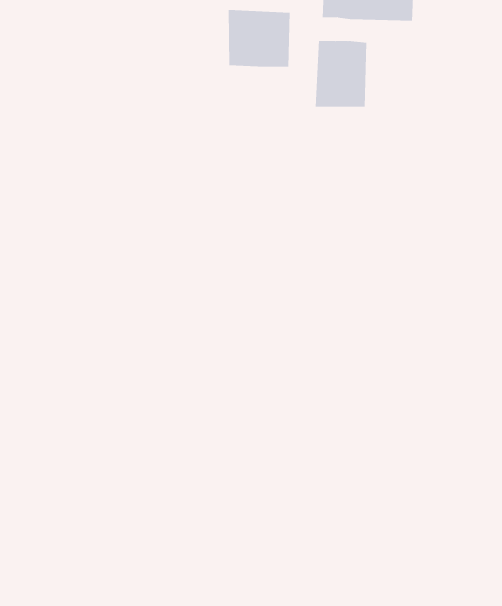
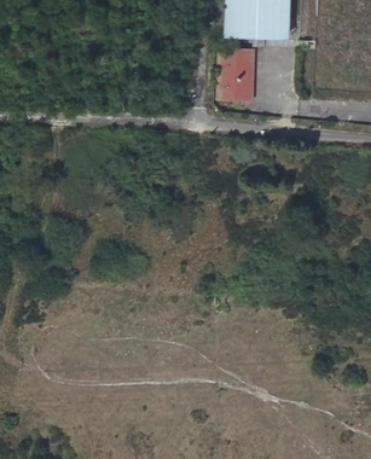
building: [228,9,290,68] -> none

